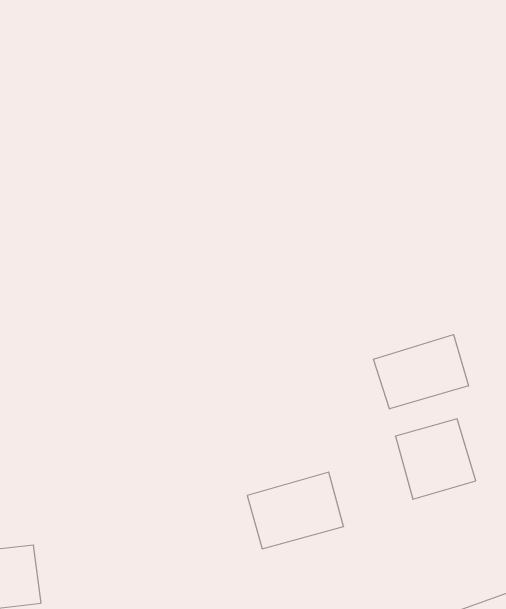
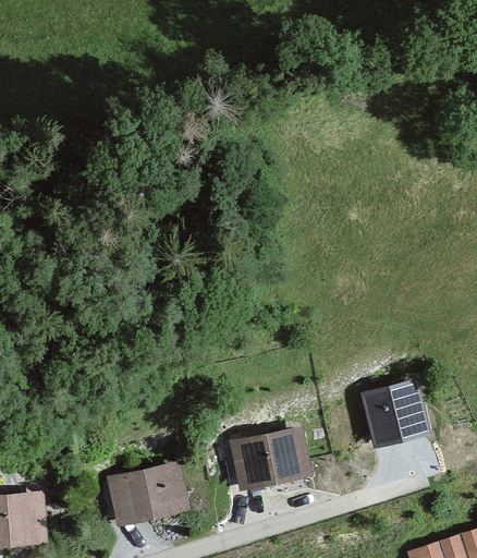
building: [374,335,469,409] -> none
building: none -> [102,461,189,529]

